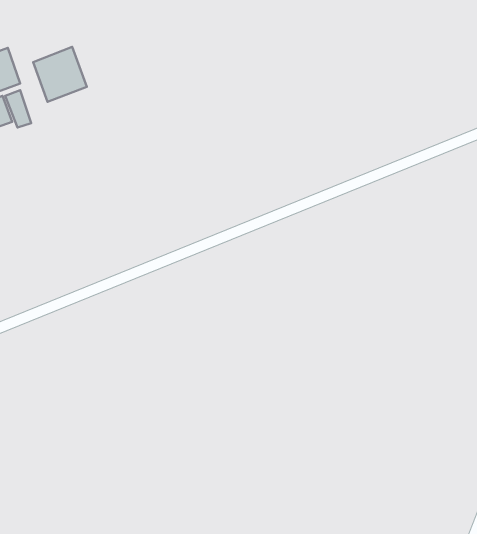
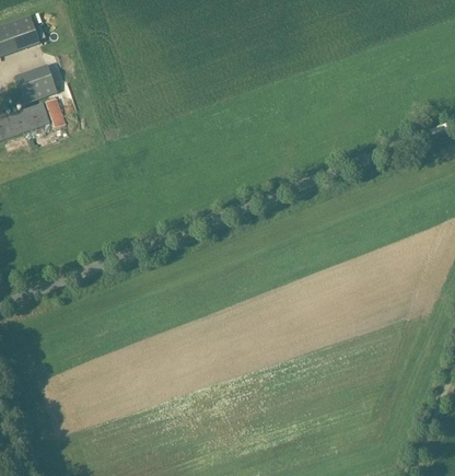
building: [33,47,87,102] -> none

